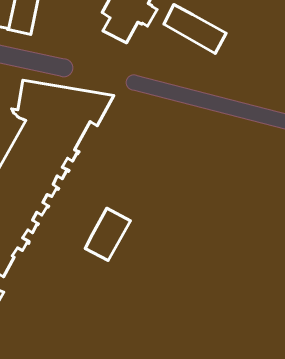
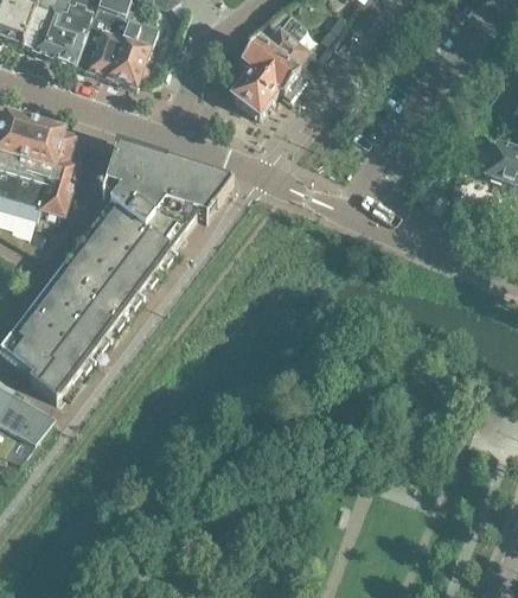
building: [164,5,226,54] -> none
building: [85,208,130,260] -> none

